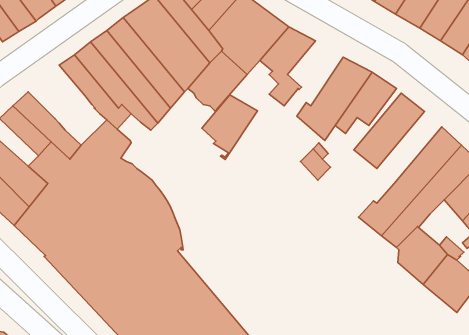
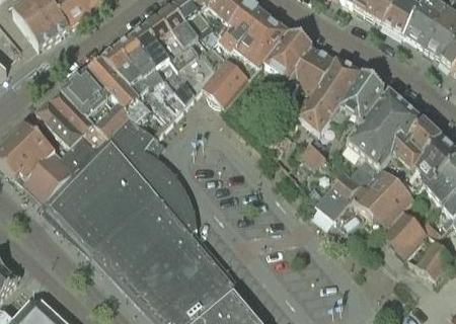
building: none -> [61,67,110,113]
building: [202,95,258,160] -> [288,46,336,102]
building: none -> [88,101,130,137]
building: none -> [316,107,423,220]

